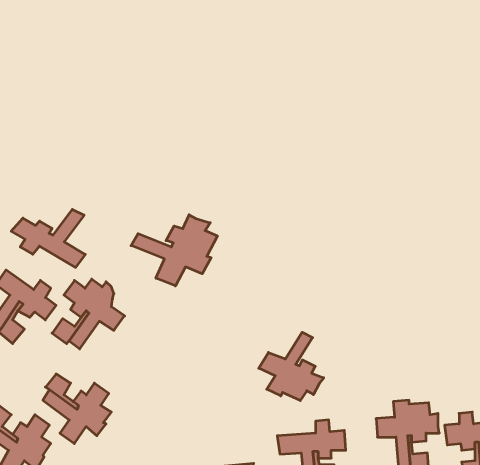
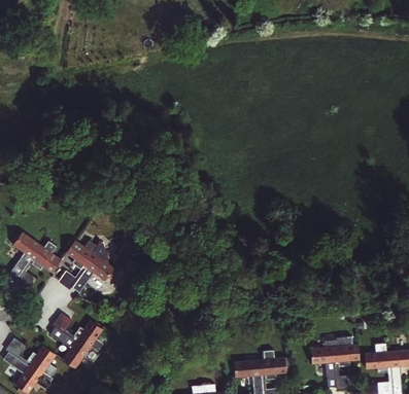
building: [11,209,85,267] -> none
building: [131,215,217,286] -> none
building: [259,332,324,401] -> none

